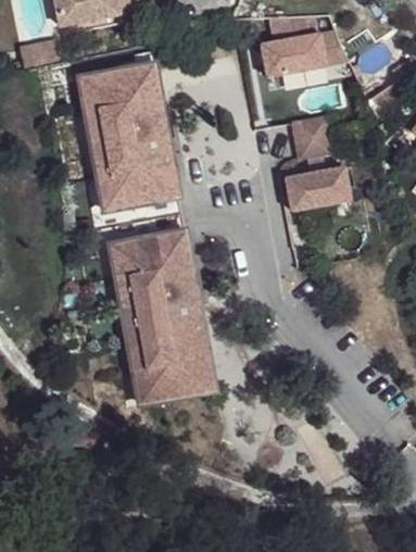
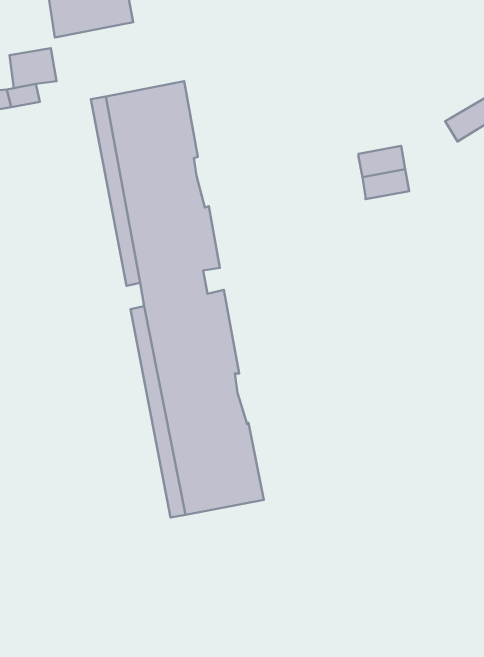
building: [257,15,341,80] -> none
building: [287,167,352,211] -> none

